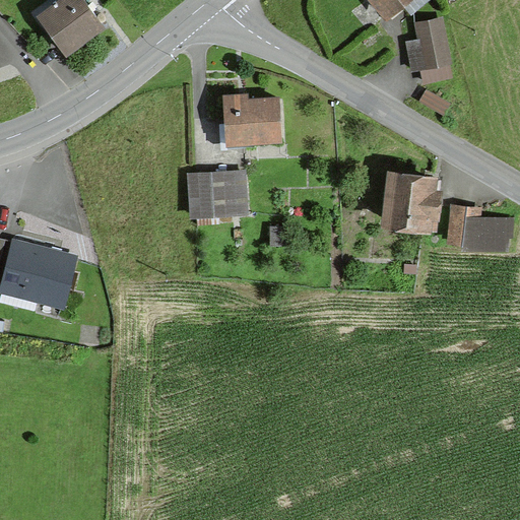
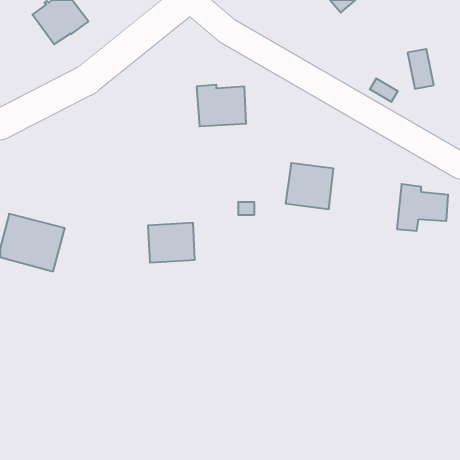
building: [416,20,446,65] -> [408,49,434,89]
building: [189,172,242,216] -> [148,223,195,262]
building: [384,175,438,226] -> [286,163,333,209]

